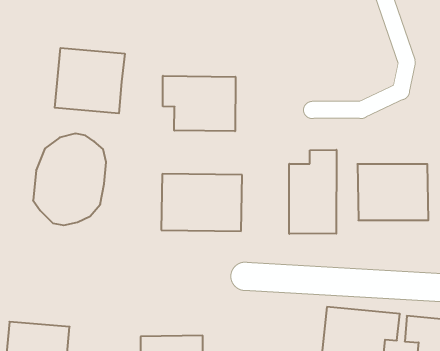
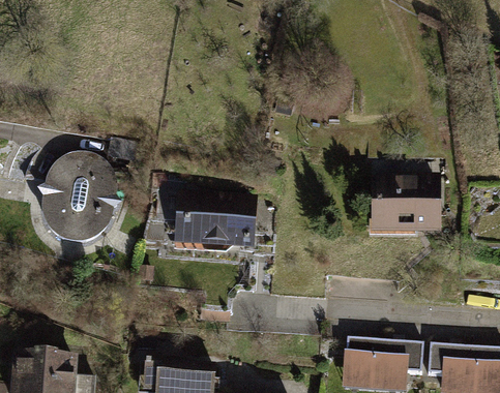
building: [55,48,125,113] -> none
building: [163,76,235,131] -> none
building: [289,150,336,234] -> none

